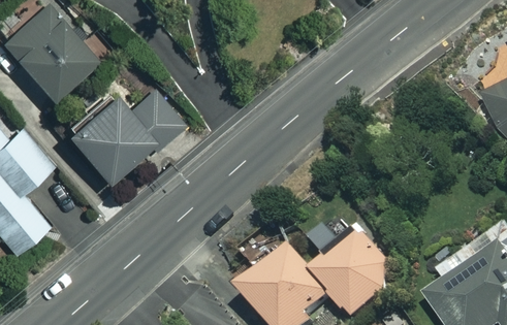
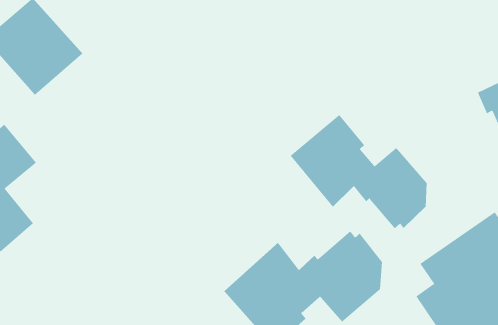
building: [62,82,187,178] -> none
building: none -> [290,114,427,229]

